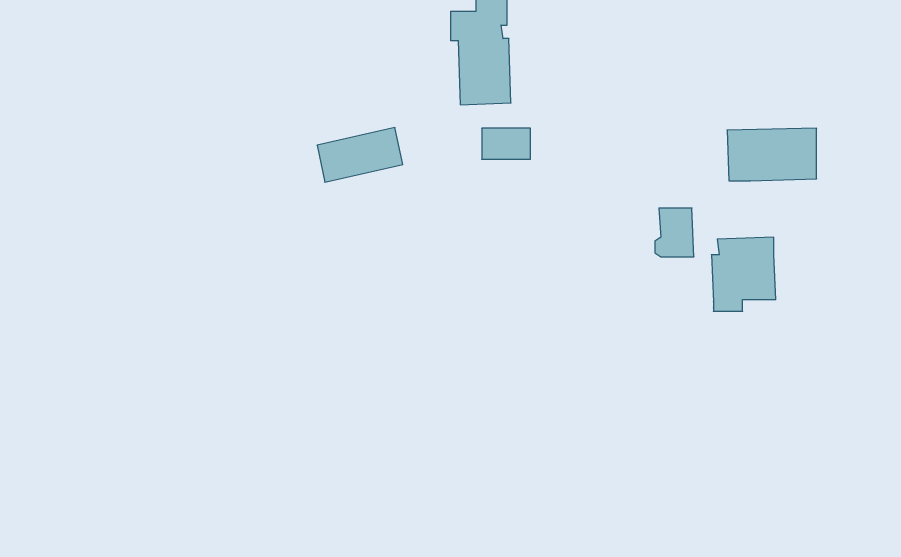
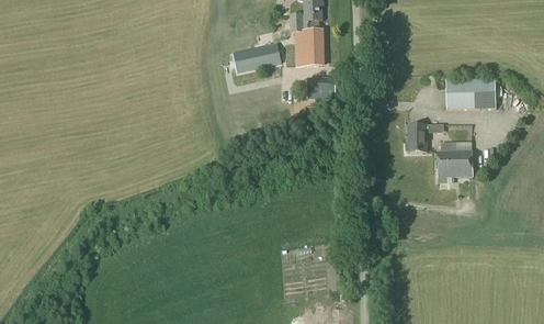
building: [317,128,403,182] -> [233,42,281,72]

